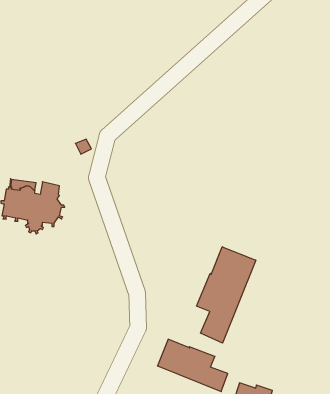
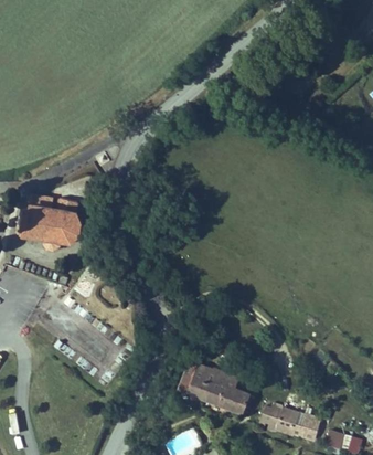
building: [196,247,256,343] -> none

